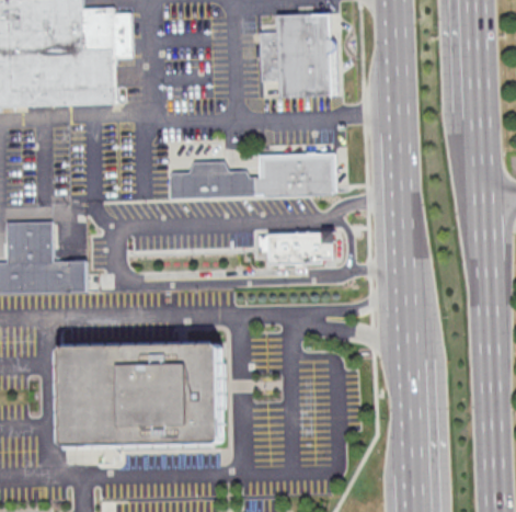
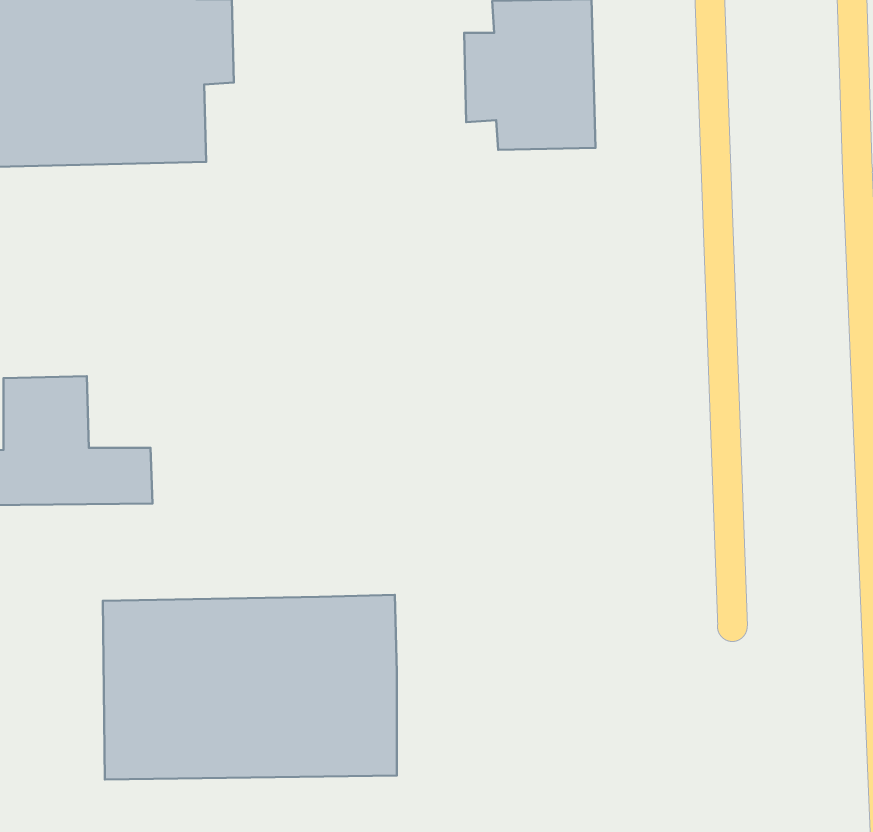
building: [169,153,336,201] -> none
building: [267,234,334,269] -> none

